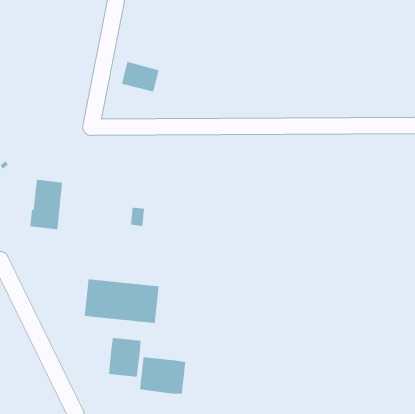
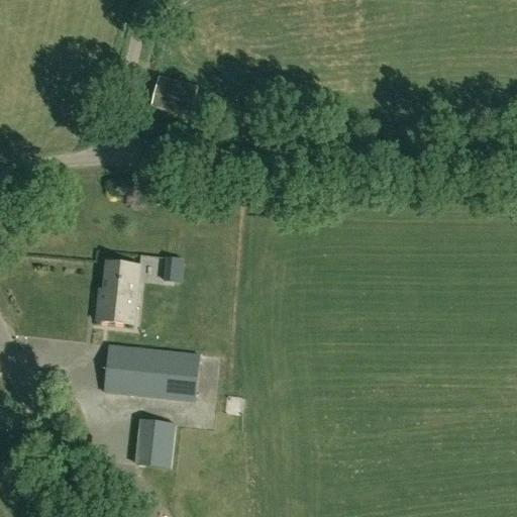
building: [30,179,63,230] -> [96,261,137,323]
building: [140,357,186,394] -> none

